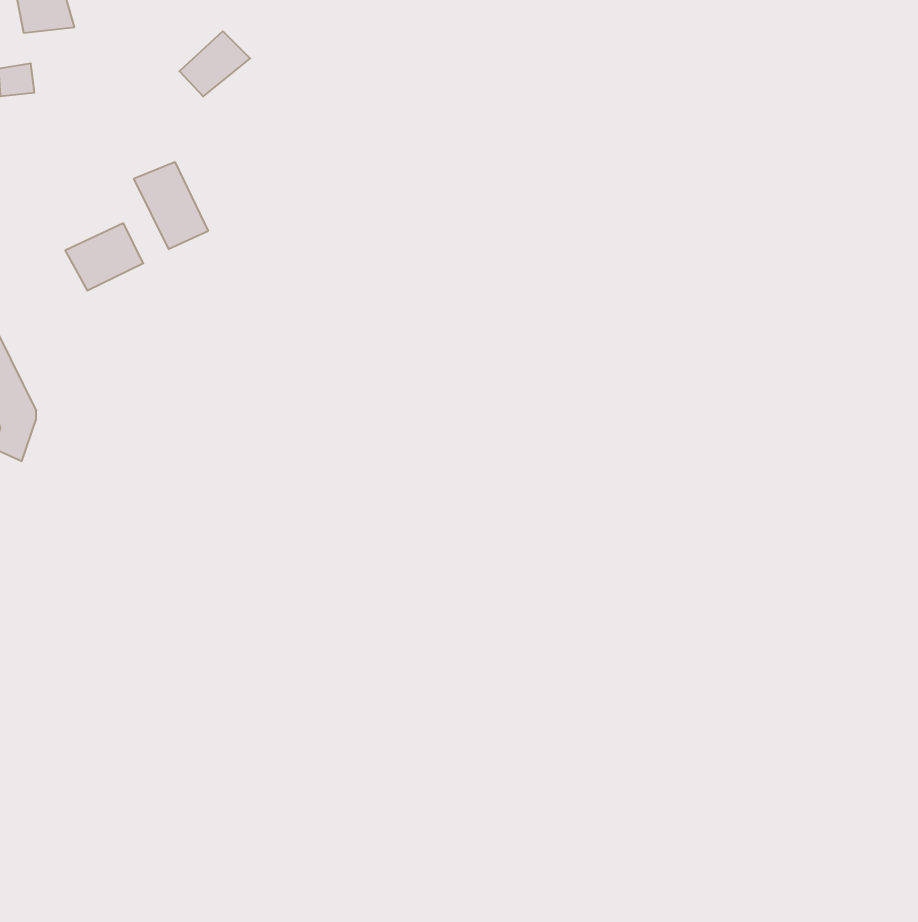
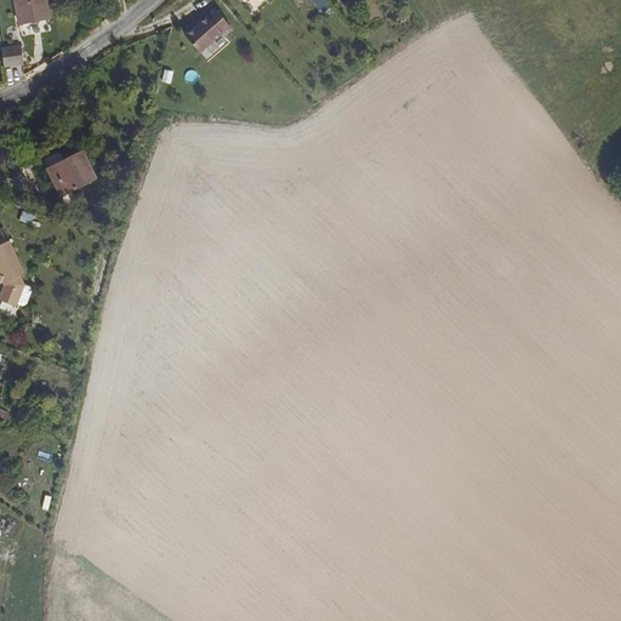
building: [179,31,250,97] -> [183,6,230,50]
building: [134,162,208,249] -> none

